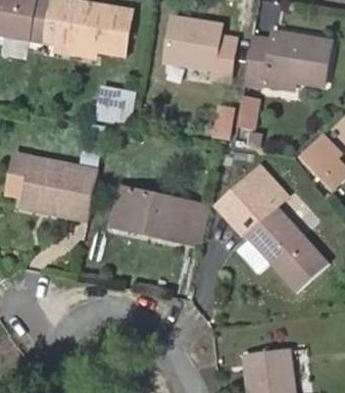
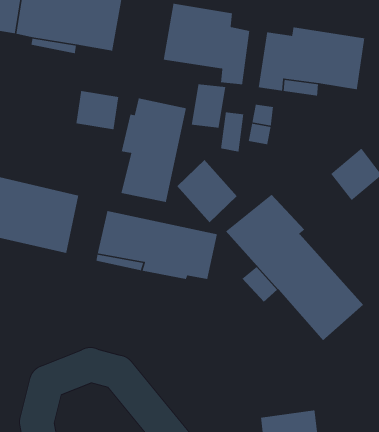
building: none -> [191,83,226,128]
building: none -> [120,98,187,203]
building: none -> [177,159,238,223]

